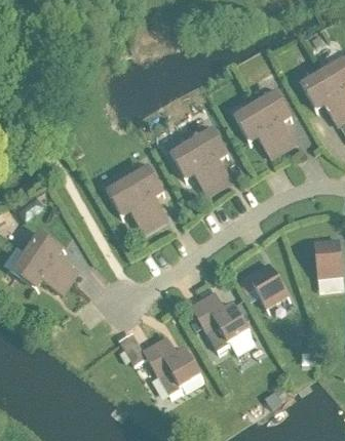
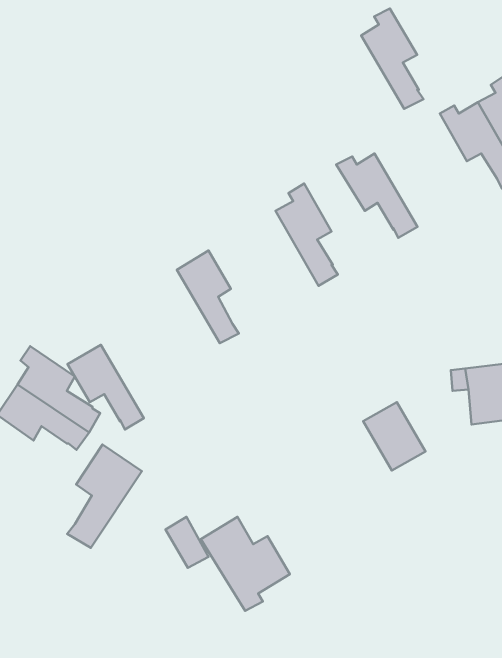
building: [255,84,295,149] -> [361,8,423,109]
building: [166,138,219,194] -> none
building: [106,176,155,231] -> [68,345,144,429]
building: none -> [67,445,142,548]
building: [191,291,248,352] -> none

